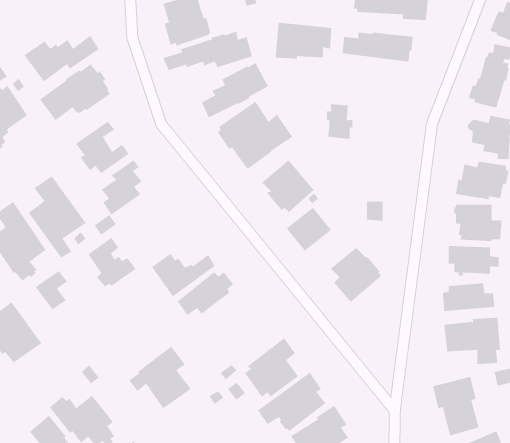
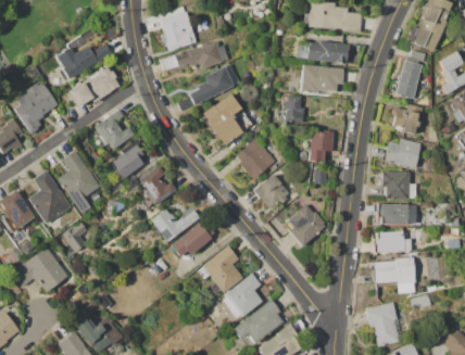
building: [275,22,332,59] -> [300,64,343,92]
building: none -> [300,131,334,162]
building: [88,237,136,287] -> [140,166,177,204]
building: [128,346,192,409] -> [196,245,243,293]

